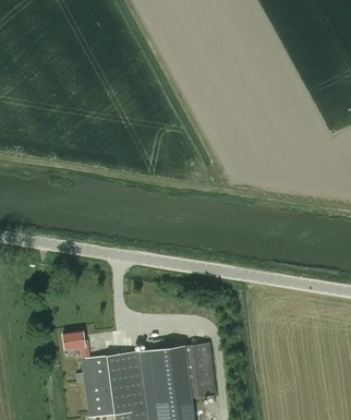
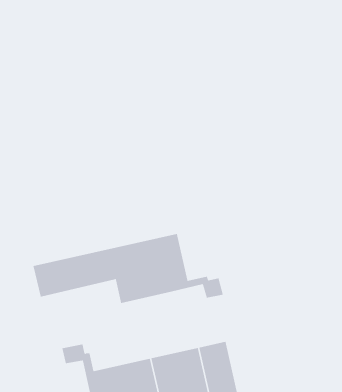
building: none -> [33,233,223,304]

